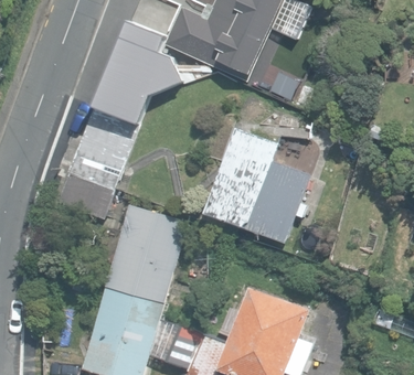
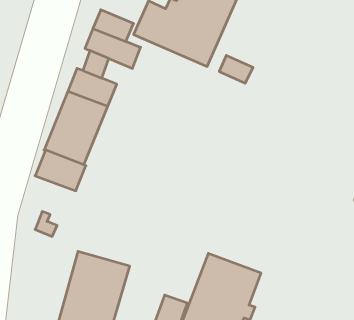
building: [206,129,311,243] -> none
building: [105,204,185,302] -> none

